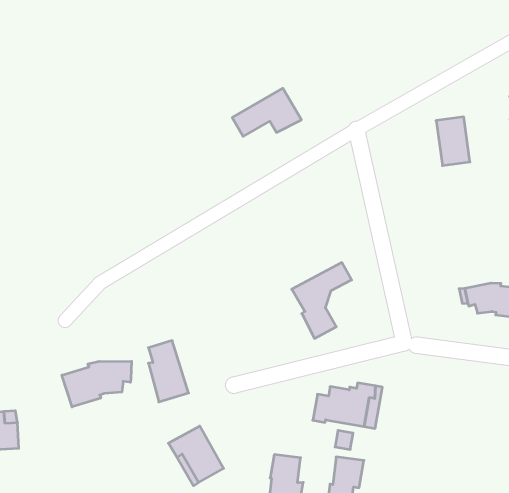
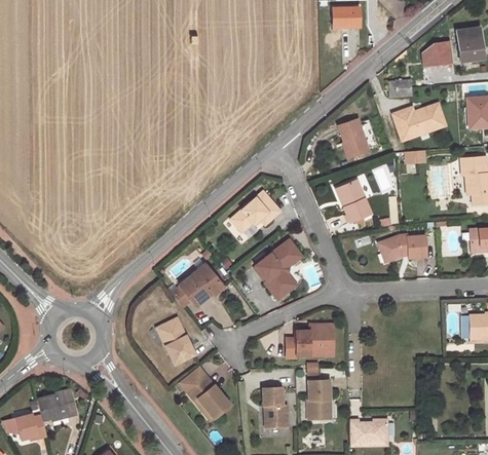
building: [232,88,301,136] -> [231,189,281,229]
building: none -> [339,179,371,222]
building: none -> [170,262,223,305]
building: [62,361,132,407] -> none

